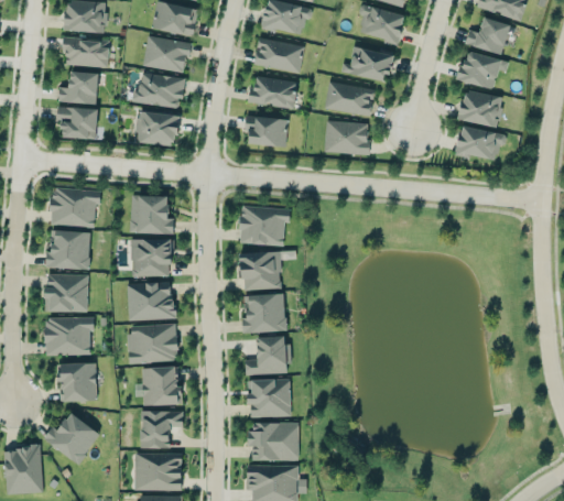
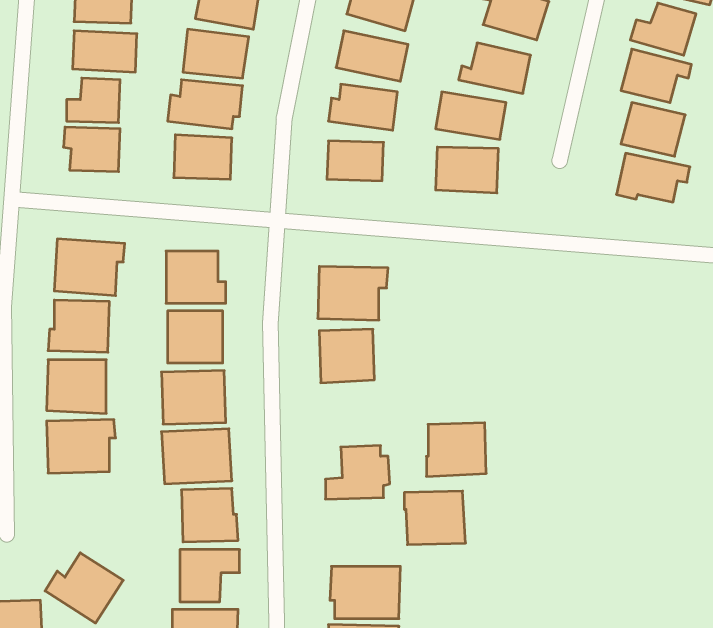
building: [242,294,285,333] -> [426,423,486,476]
building: [56,363,96,402] -> none
building: [247,379,291,417] -> [404,491,466,545]

